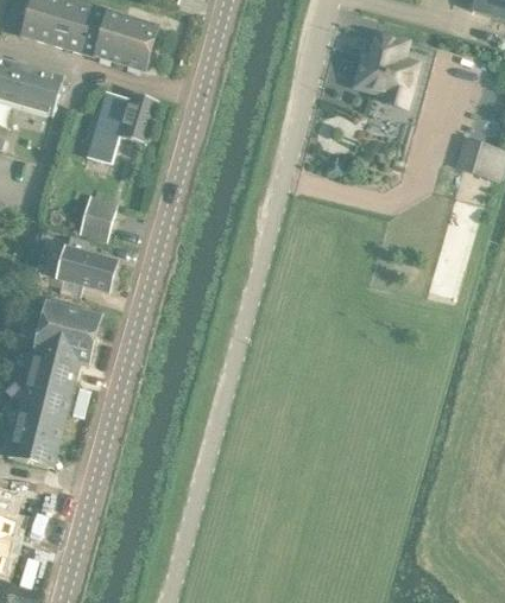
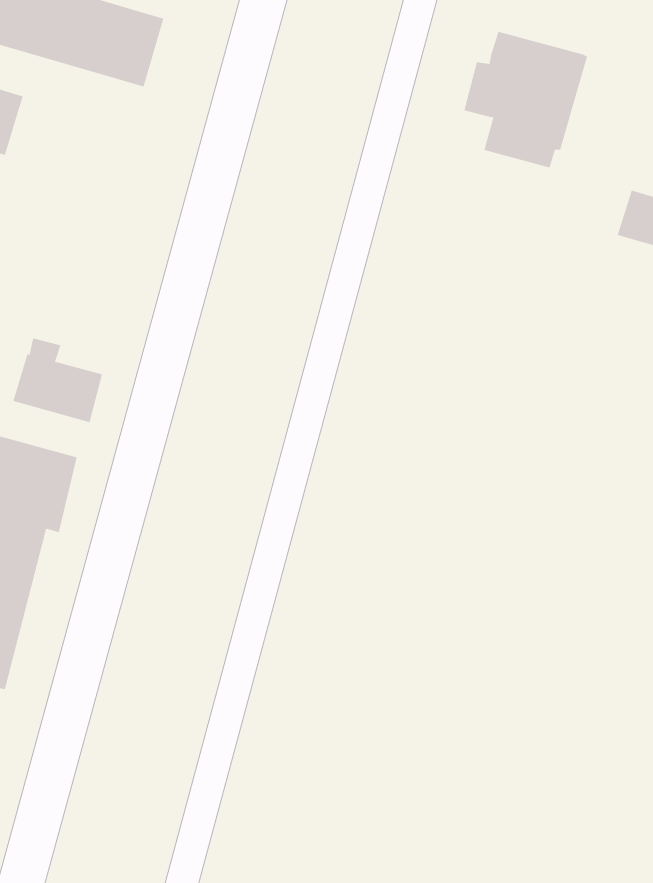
building: [86,91,156,163] -> none
building: [77,195,115,242] -> none

